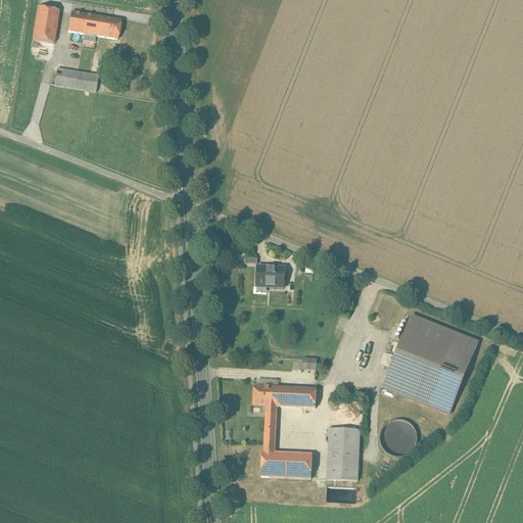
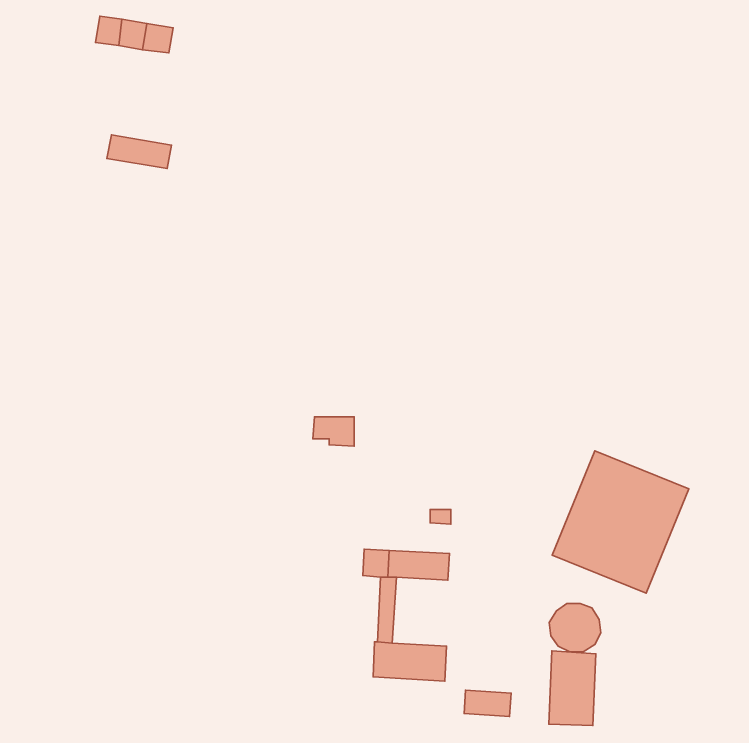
building: [33,5,58,42] -> none
building: [54,66,99,90] -> [107,135,172,169]
building: [253,263,282,283] -> [313,417,354,446]
building: [326,424,359,476] -> [549,651,596,726]

